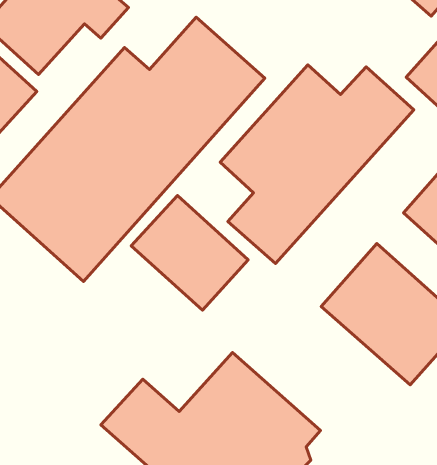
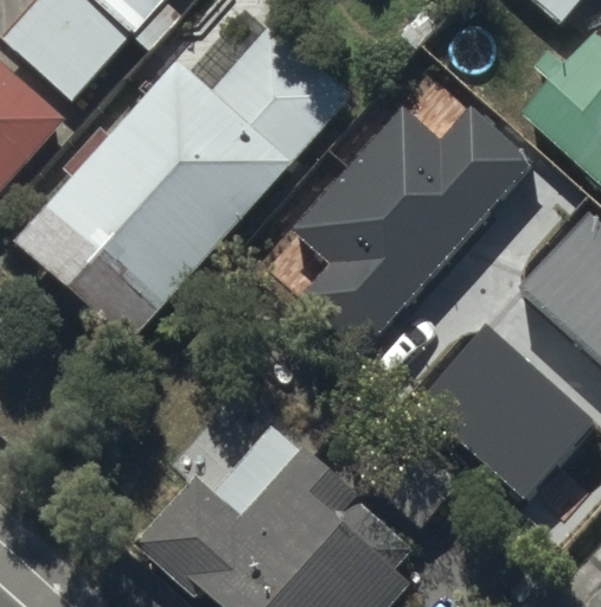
building: [131,195,248,310] -> none

